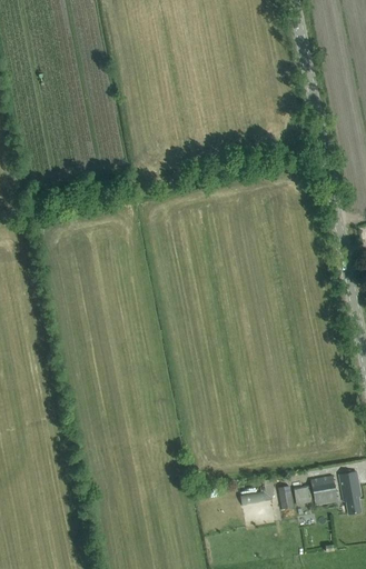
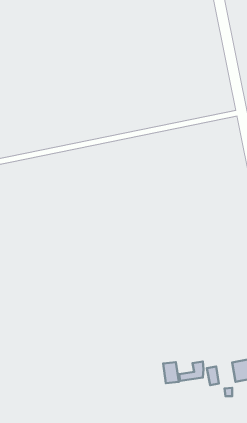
building: none -> [163,362,179,383]

